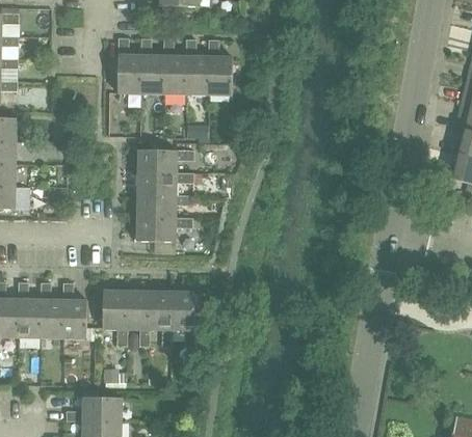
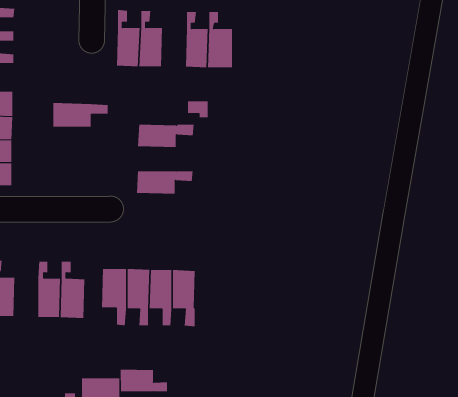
building: [161,37,185,92] -> none
building: [137,170,192,194] -> [52,103,109,127]
building: [136,216,191,241] -> none
building: [17,281,40,337] -> none
building: none -> [120,369,168,392]

